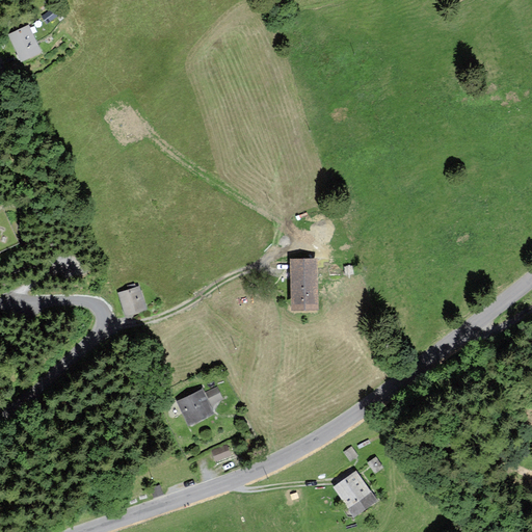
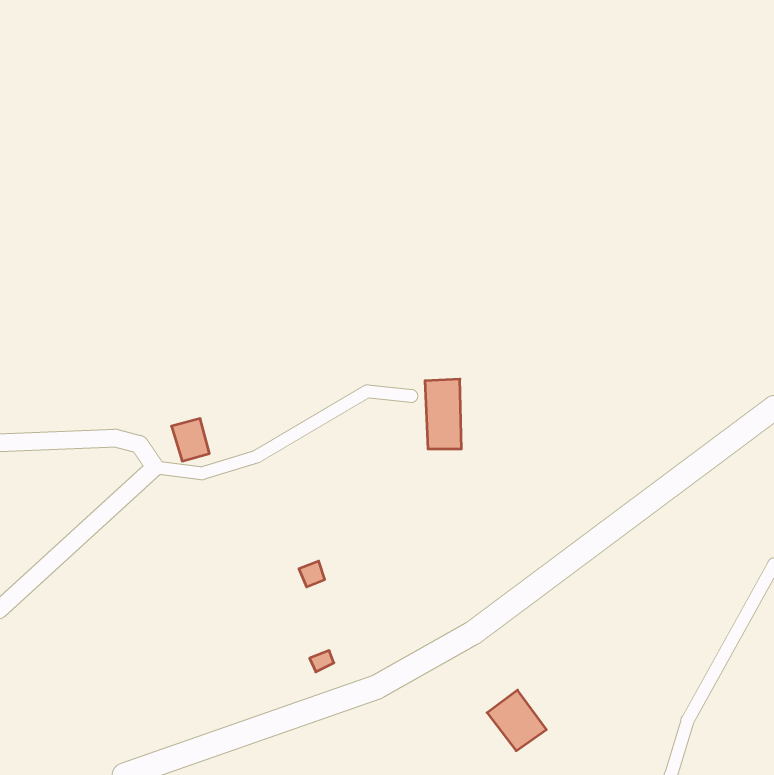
building: [9,26,39,60] -> none
building: [178,391,211,423] -> none

